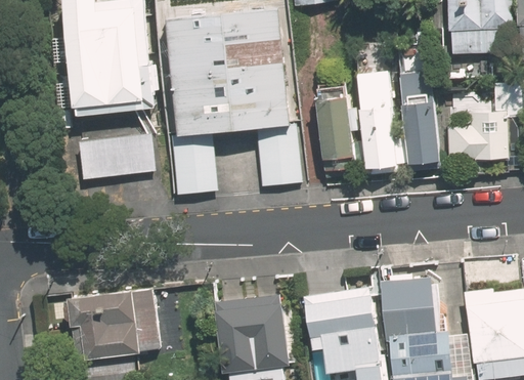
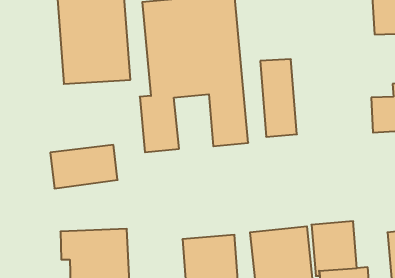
building: [401,71,443,167] -> none
building: [351,73,398,172] -> none
building: [77,130,158,182] -> [50,145,118,188]

